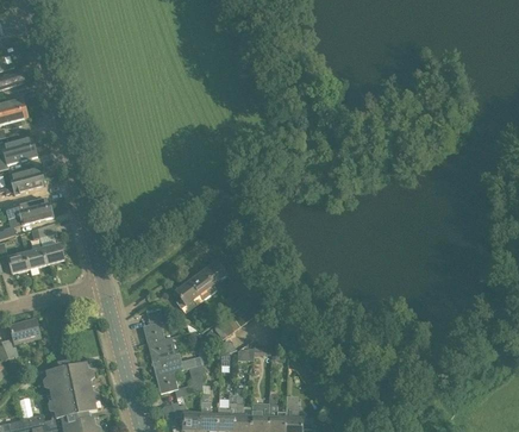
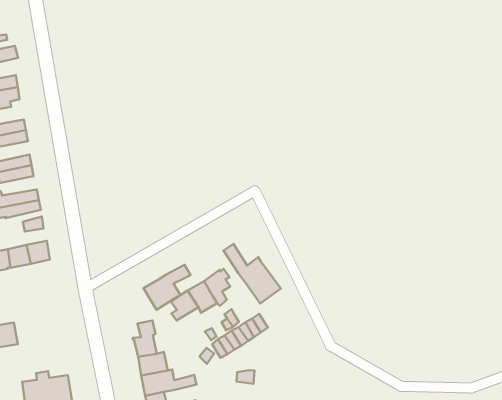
building: none -> [224,244,281,304]
building: none -> [143,265,190,310]

